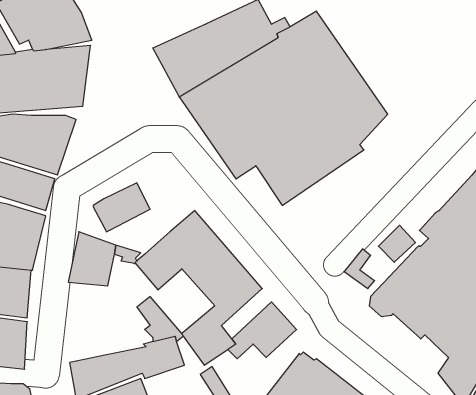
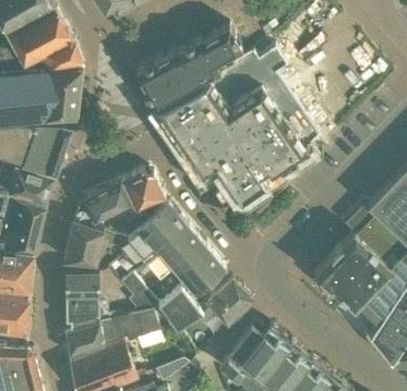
building: none -> [121,170,166,231]
building: none -> [65,274,99,329]

